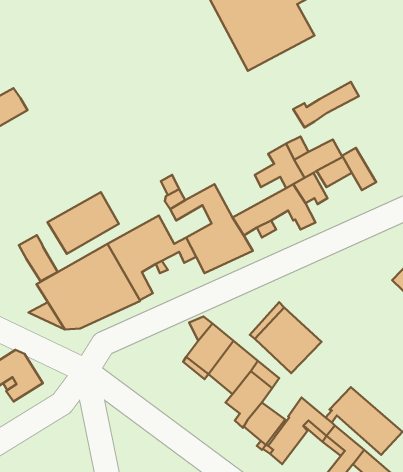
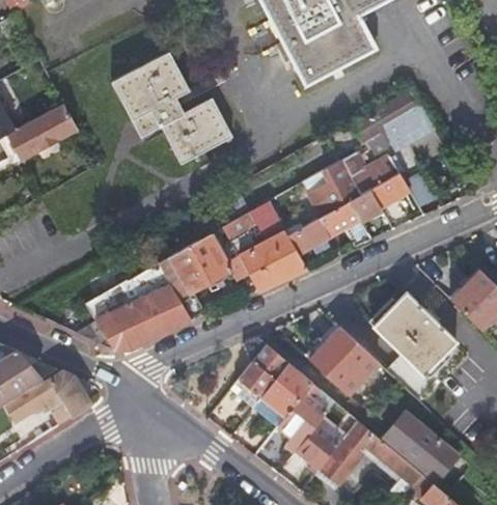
building: none -> [108,54,229,166]
building: [48,192,119,254] -> none
building: [19,235,58,281] -> none
building: none -> [375,293,458,393]

